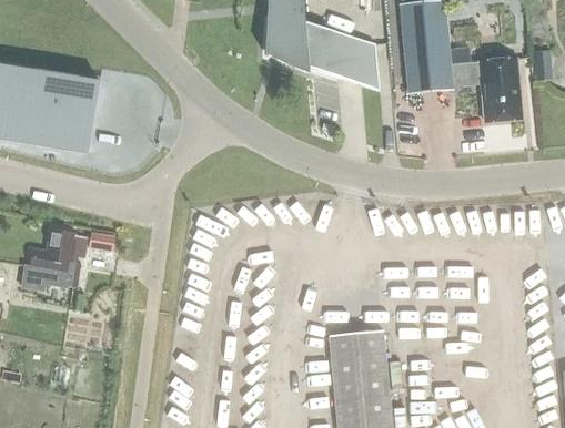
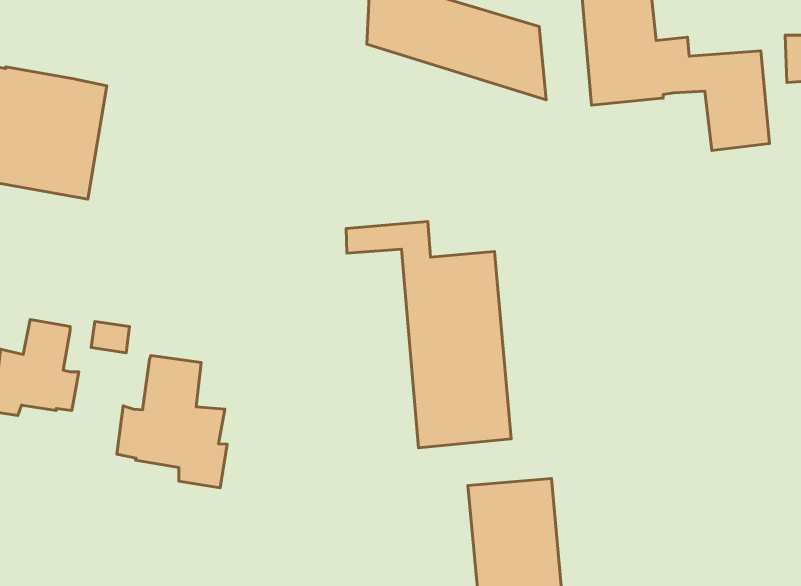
building: none -> [346,221,511,448]
building: none -> [117,355,227,488]

